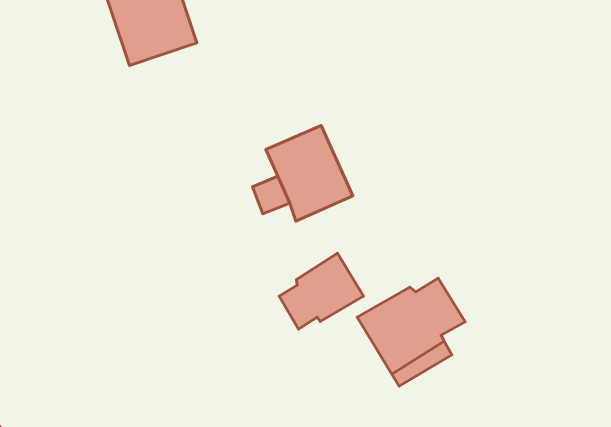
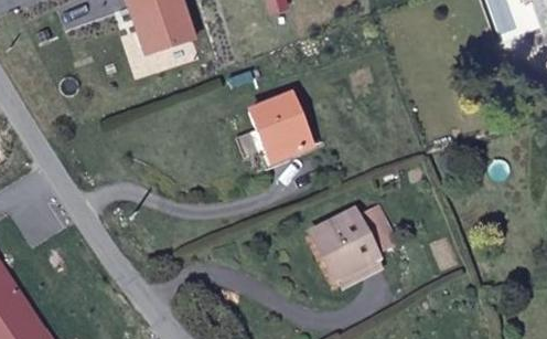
building: [279,253,363,329] -> none

